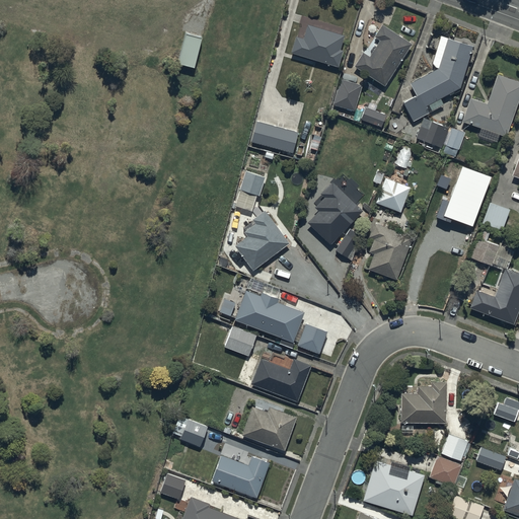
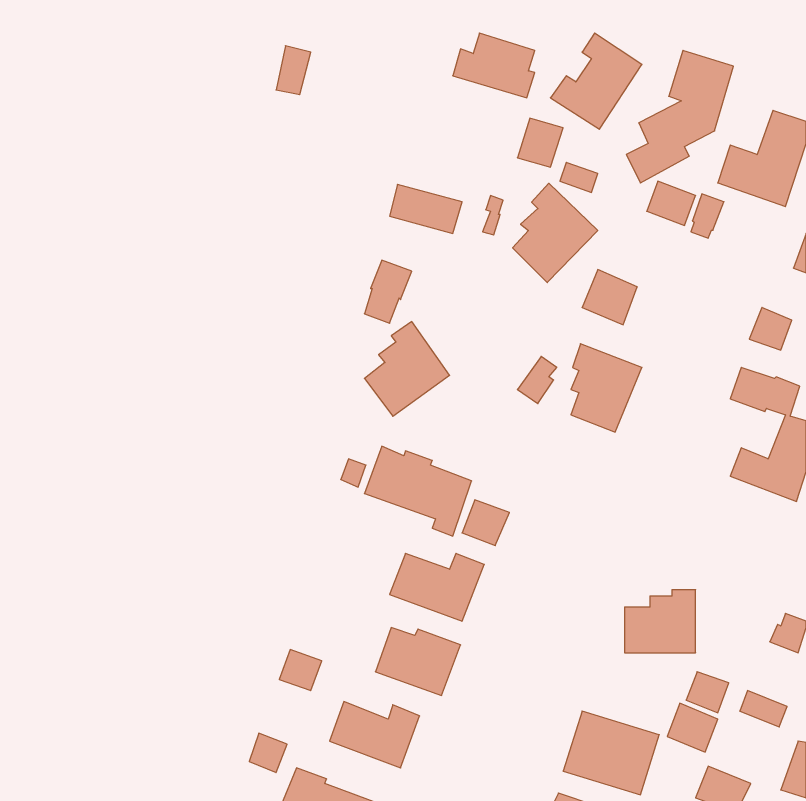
building: [436,169,492,230] -> none
building: [307,180,362,244] -> [513,183,598,283]
building: [224,326,257,356] -> none

